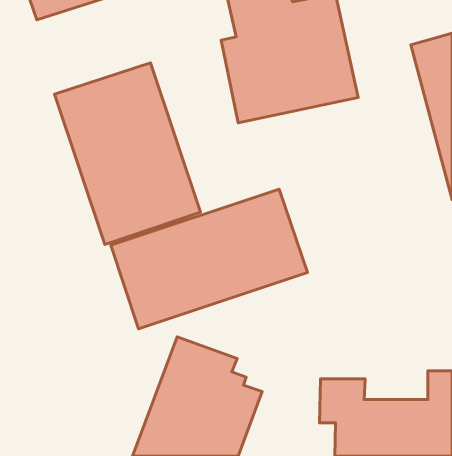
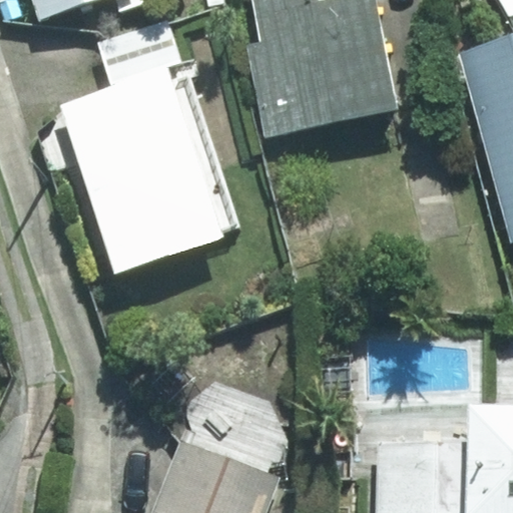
building: [111,189,308,329] -> none

